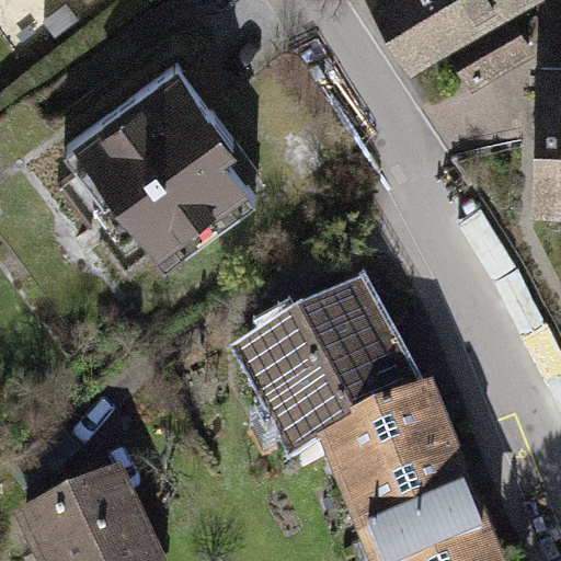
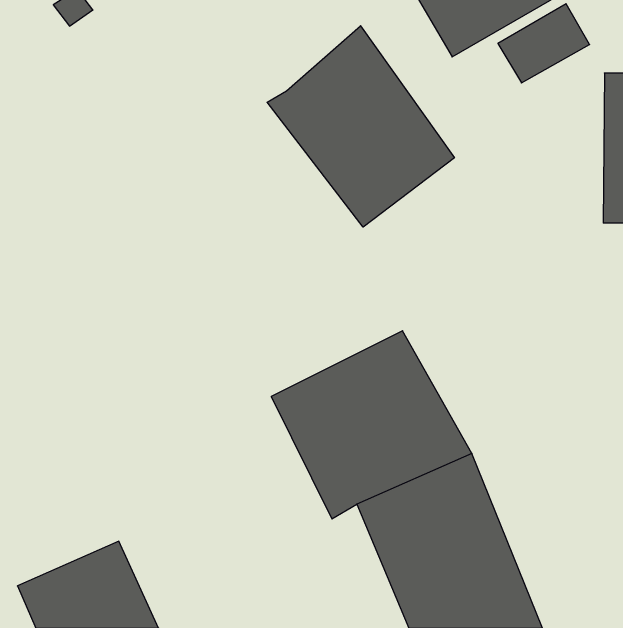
building: none -> [267,26,454,227]
building: [72,56,264,260] -> none

